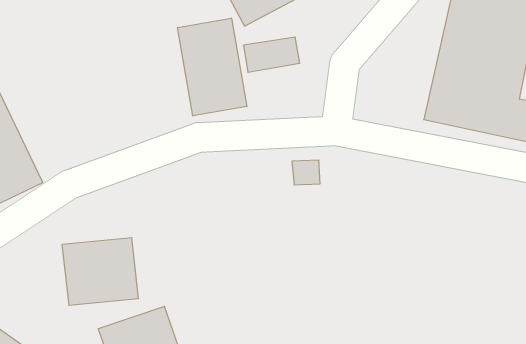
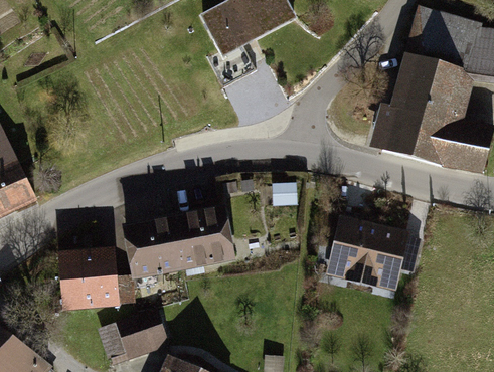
building: [178,18,247,116] -> none
building: none -> [128,205,234,278]
building: none -> [327,216,415,290]

